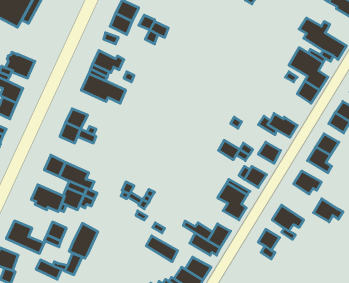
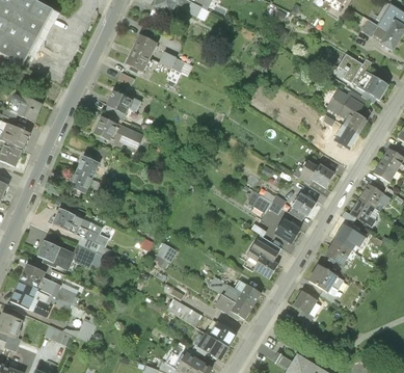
building: [313,199,343,222] -> [322,239,355,265]
building: none -> [19,263,46,289]
building: [69,223,98,258] -> none

